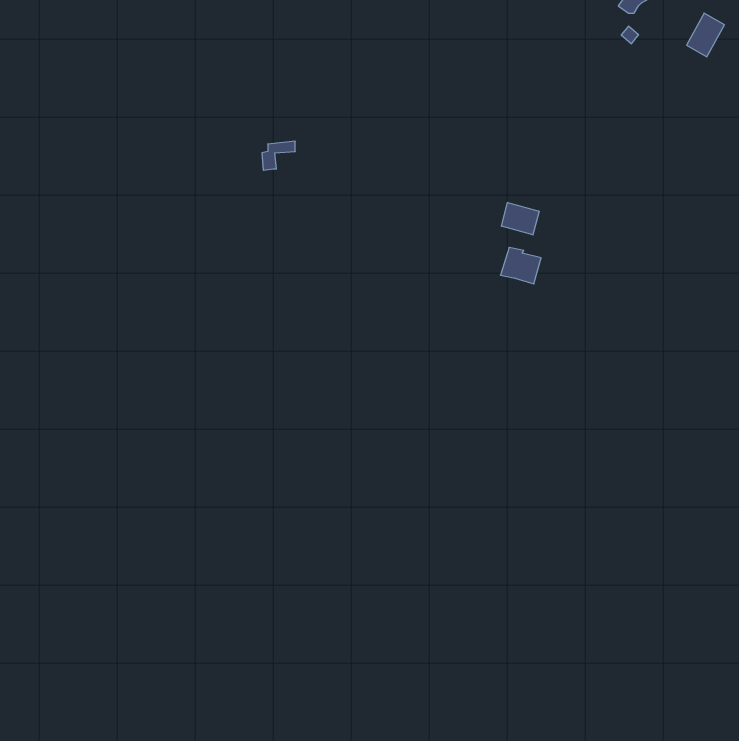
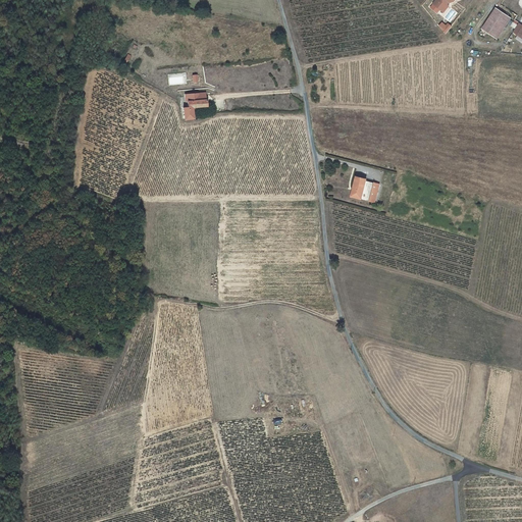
building: [501,202,539,235] -> none

